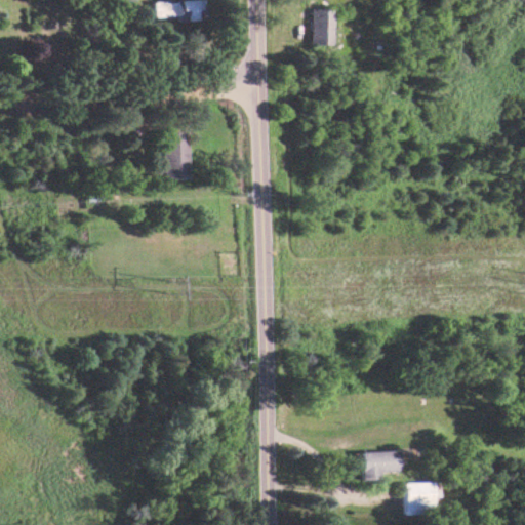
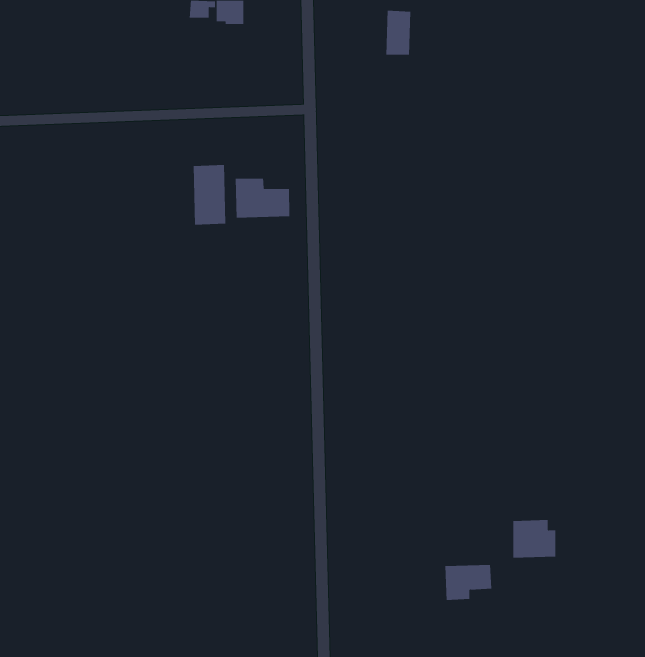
building: none -> [235,178,290,218]
building: [405,481,440,512] -> [513,520,556,558]

